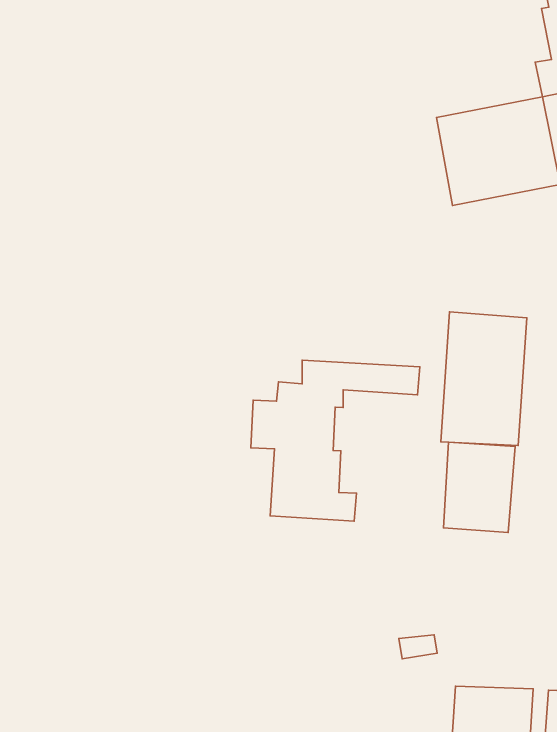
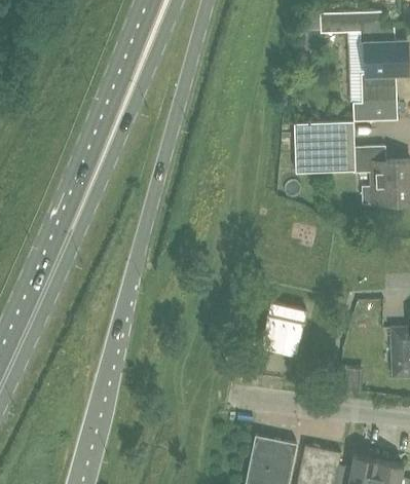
building: [441,312,527,445] -> none
building: [251,360,420,521] -> none

